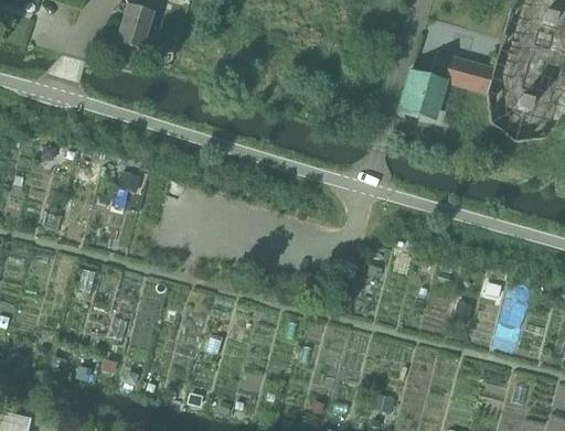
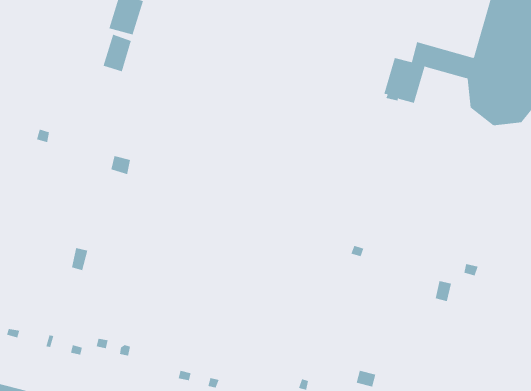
building: none -> [103,34,131,72]

